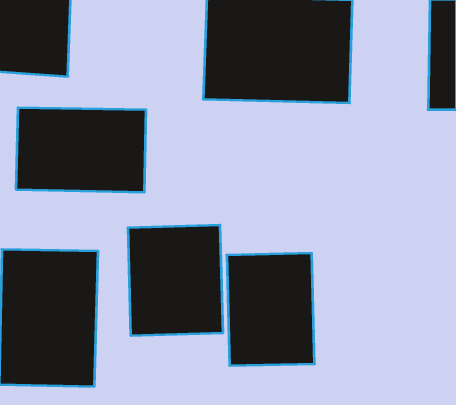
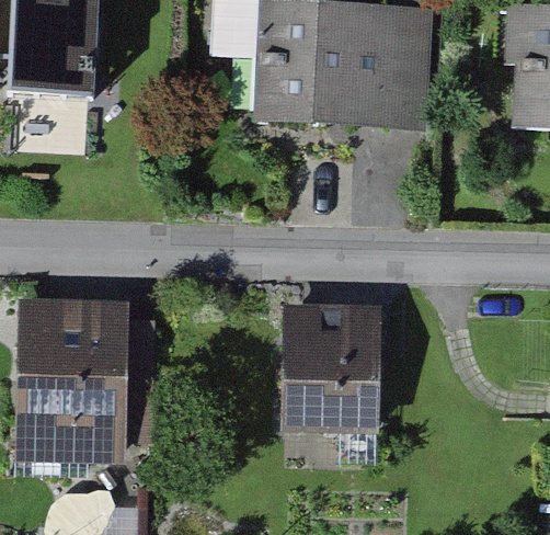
building: [16,108,146,192] -> none
building: [128,225,223,336] -> none

